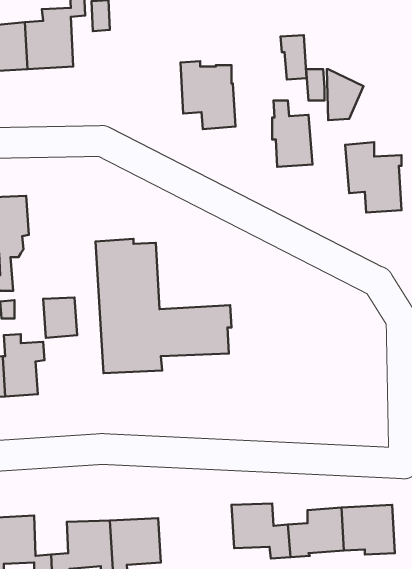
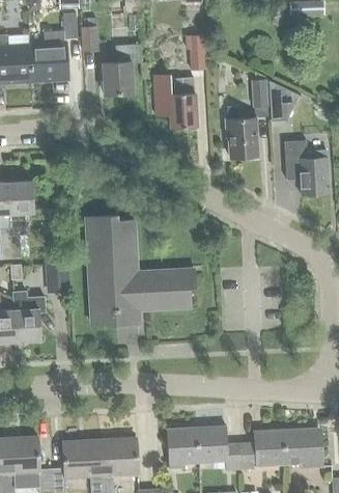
building: none -> [102,45,142,94]
building: [280,35,307,80] -> [186,35,206,71]
building: none -> [167,428,196,467]

